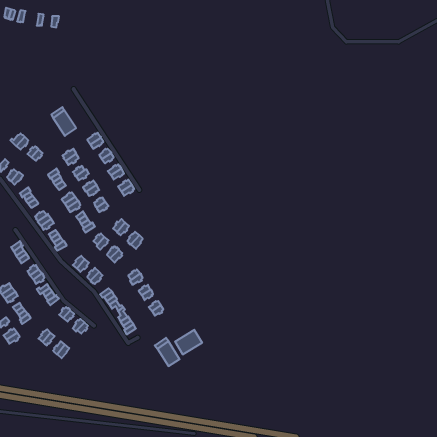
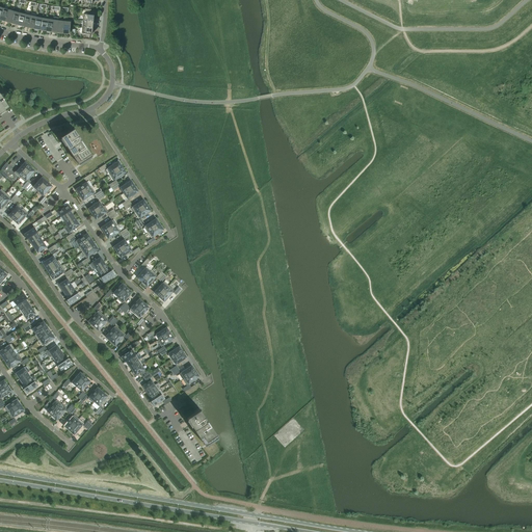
building: [175,330,202,355] -> none

